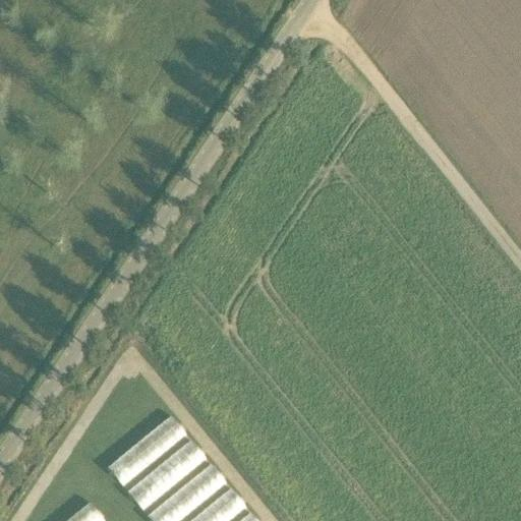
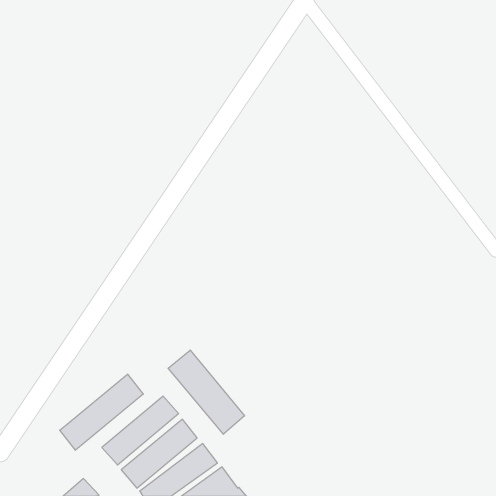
building: none -> [168,350,245,434]
building: none -> [60,374,143,450]

